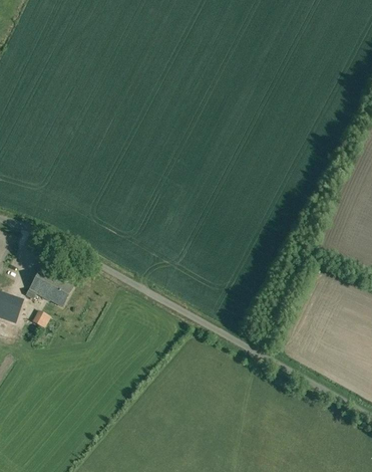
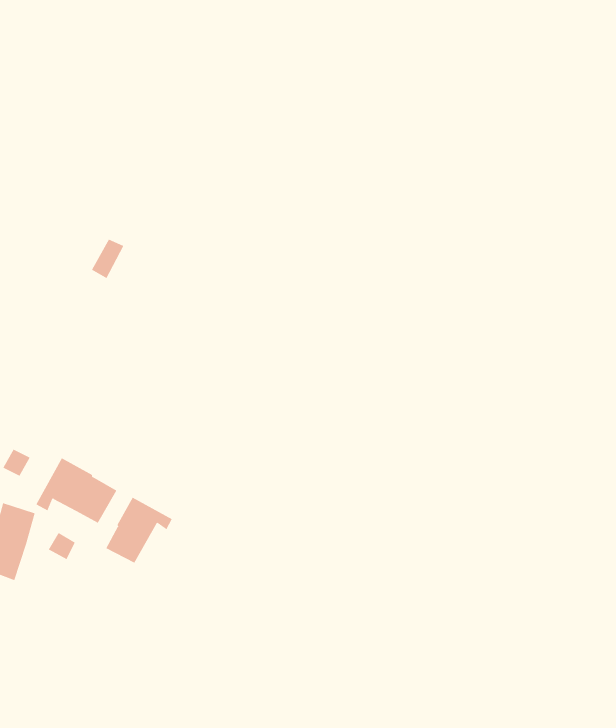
building: none -> [106,497,172,564]

